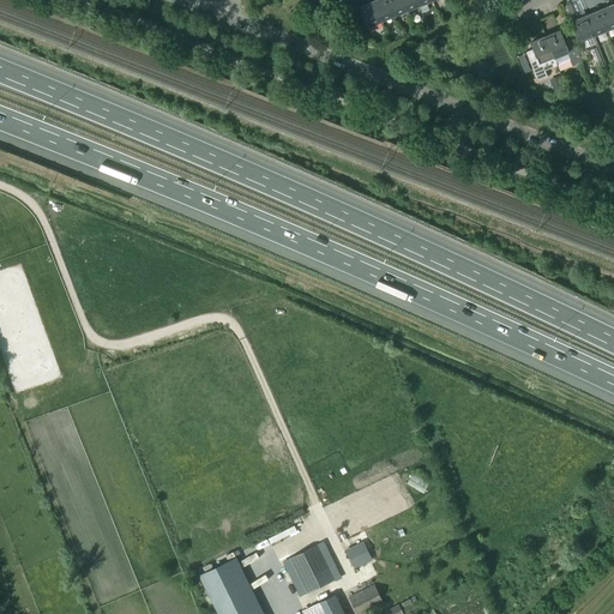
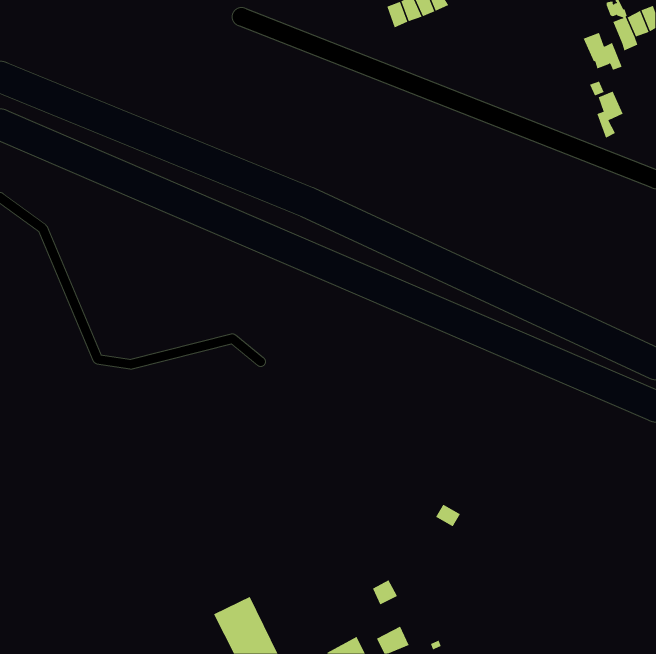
building: [529,36,554,80] -> [596,91,623,138]
building: [290,544,333,591] -> none

